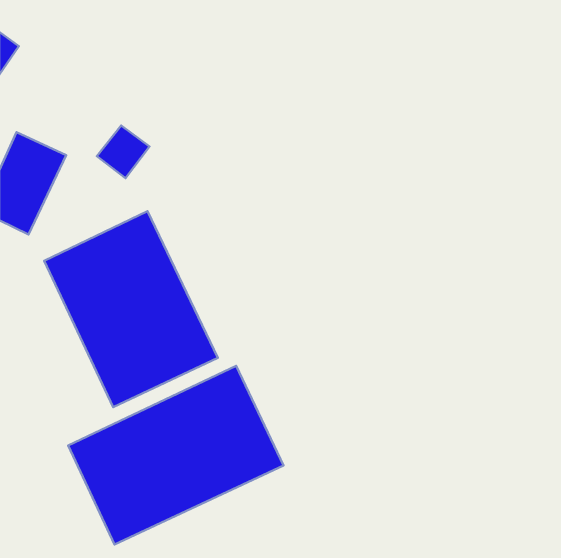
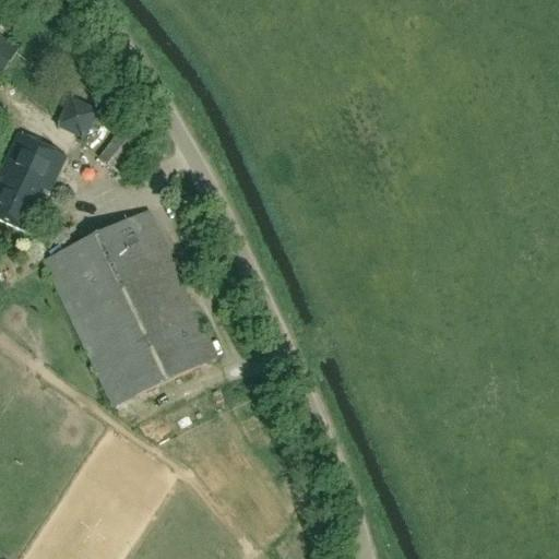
building: none -> [52,94,98,138]
building: [68,366,283,544] -> none

